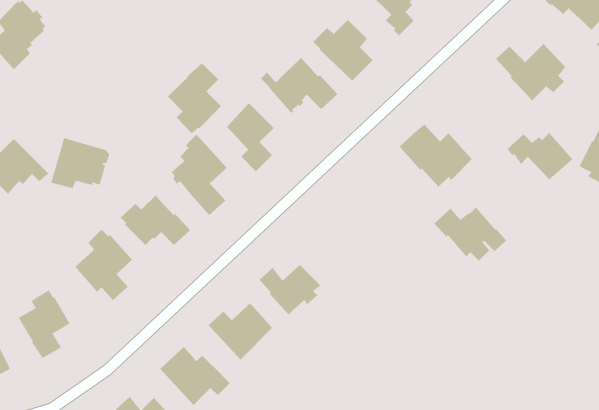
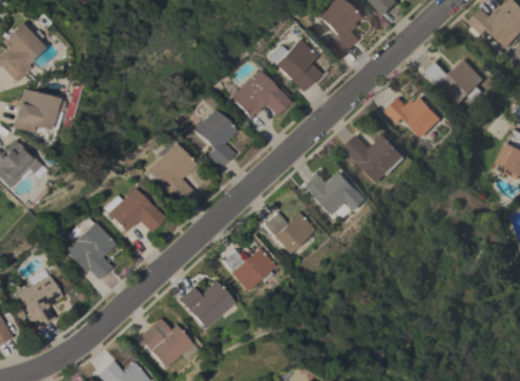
building: [167,62,222,134] -> none
building: [507,132,573,180] -> [386,96,443,137]
building: [51,137,110,188] -> [12,88,63,132]
building: [434,206,507,262] -> [305,171,368,218]
building: none -> [265,212,316,254]

